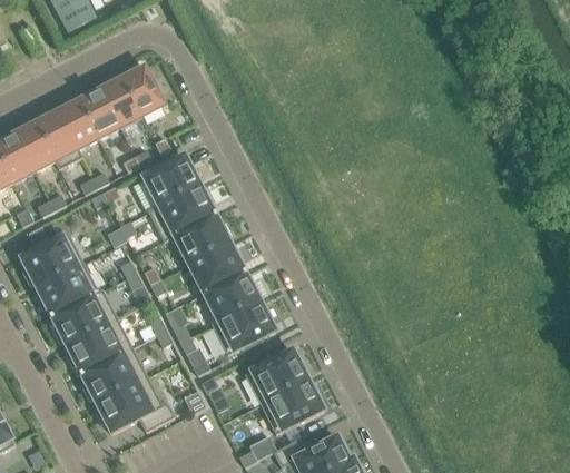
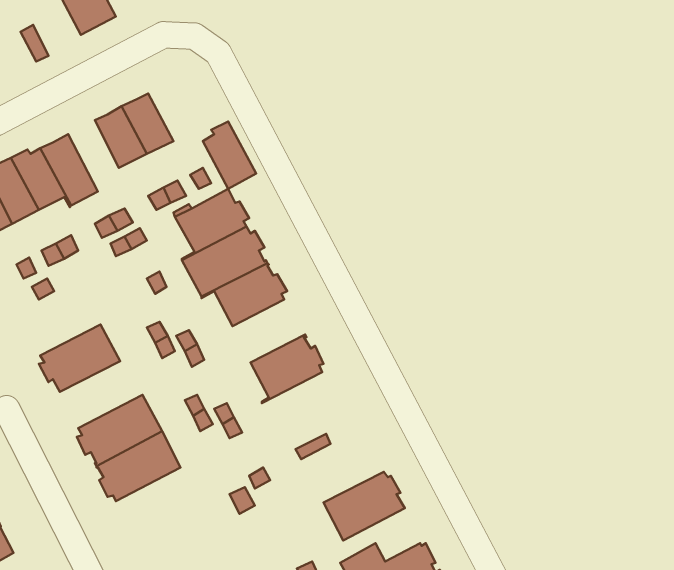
building: [120,63,163,117] -> [203,122,256,189]
building: [57,100,97,157] -> none
building: [20,233,82,287] -> none
building: [187,243,245,293] -> none
building: [49,289,116,345] -> none
building: [210,300,274,355] -> none
building: [244,349,308,404] -> none
building: [94,376,174,433] -> none

